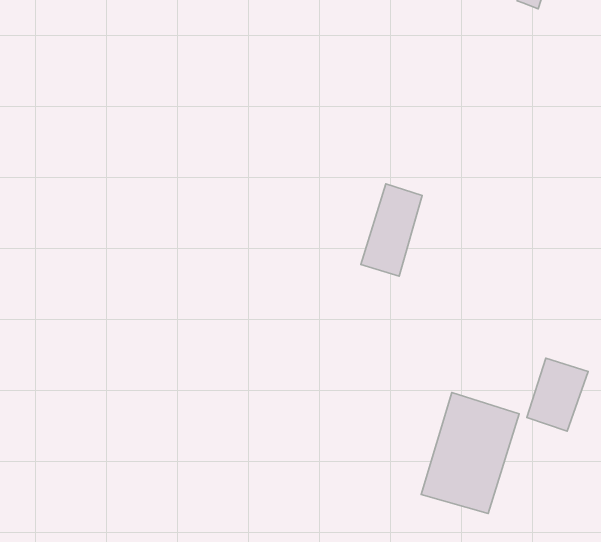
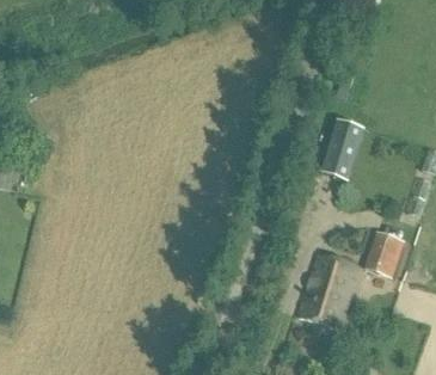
building: [361,184,422,276] -> [321,122,360,179]

